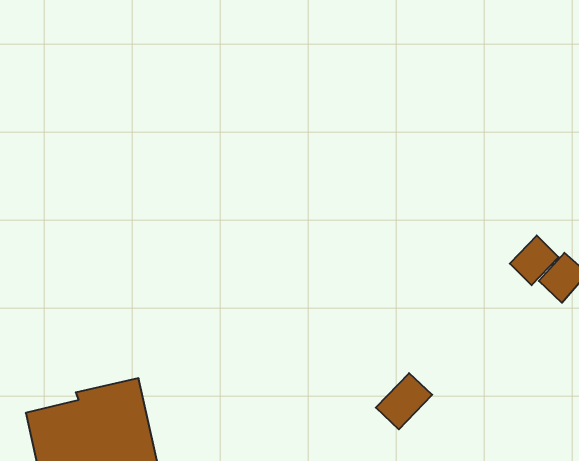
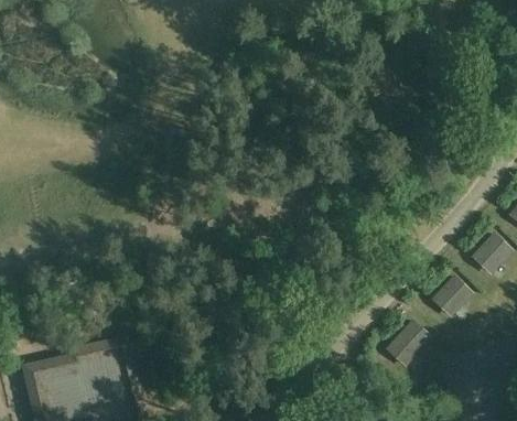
building: [510,235,559,285] -> [430,274,472,317]
building: [376,373,432,429] -> [383,319,431,367]

